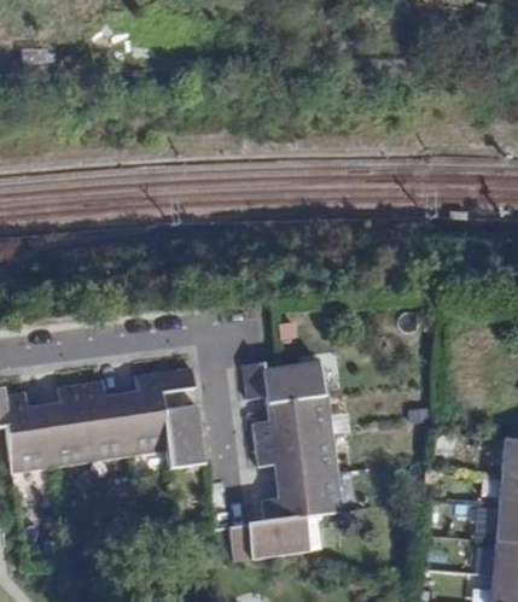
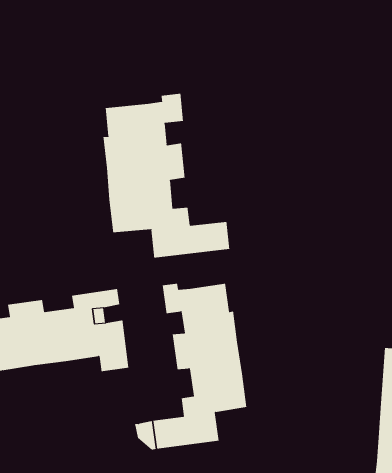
building: none -> [103,93,230,258]

